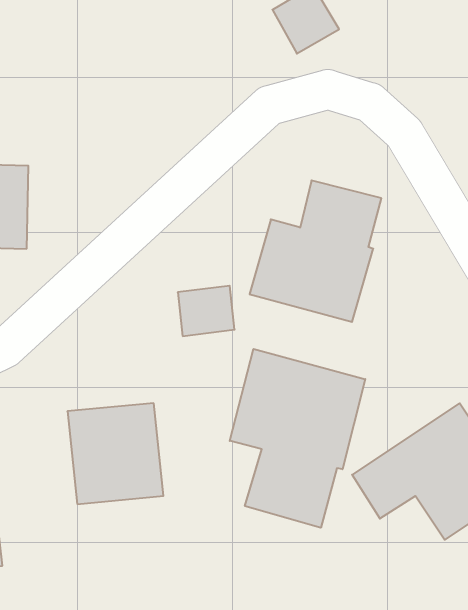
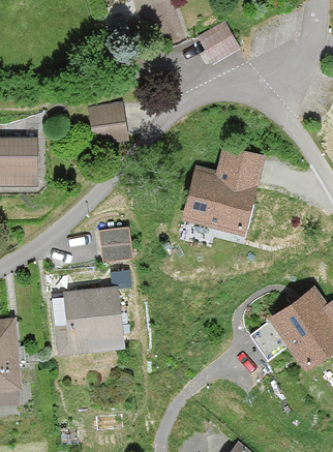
building: none -> [91,102,127,135]
building: [178,286,235,336] -> [97,227,133,259]
building: [230,349,365,528] -> none

